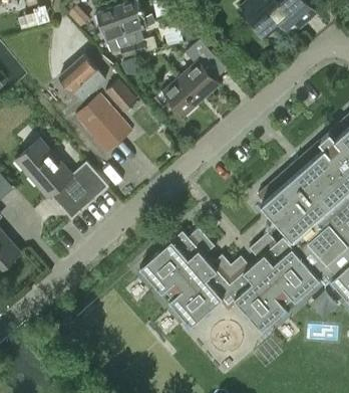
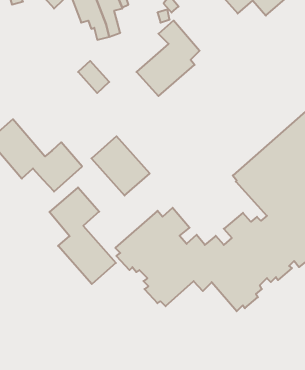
building: [59,54,104,101] -> none
building: [73,95,131,155] -> [91,136,150,196]
building: none -> [49,187,116,284]

